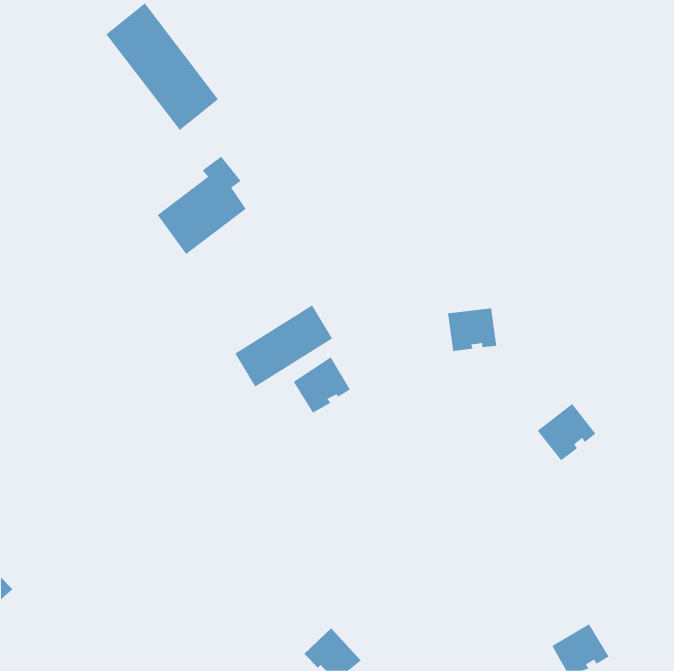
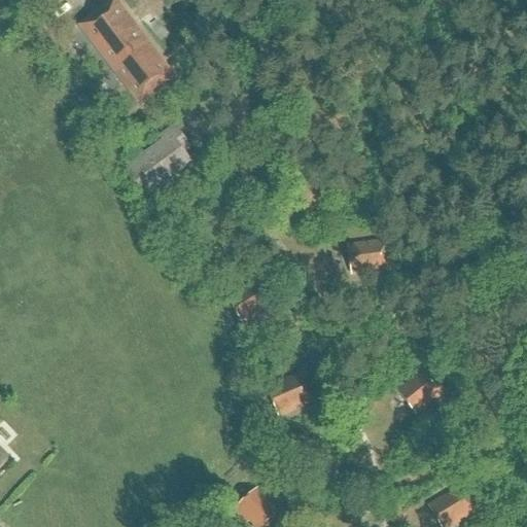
building: [235,305,333,387] -> none
building: [537,403,596,461] -> [398,367,445,413]
building: none -> [269,374,312,415]

